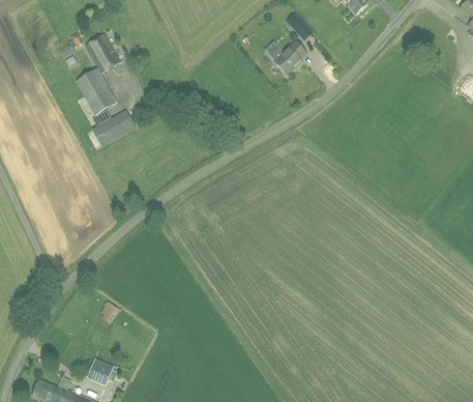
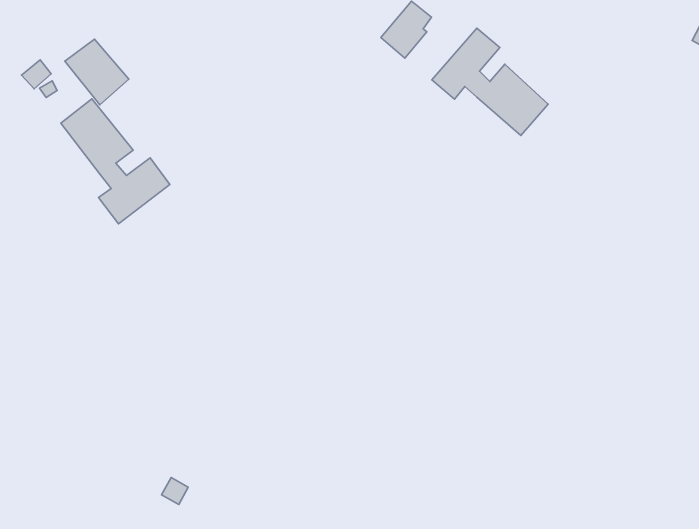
building: none -> [432,28,548,136]

